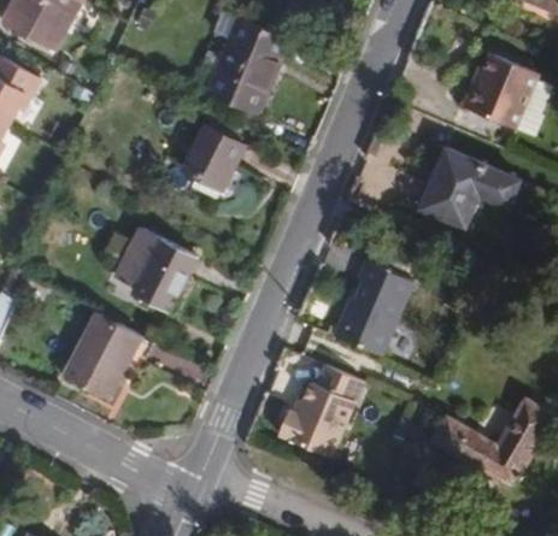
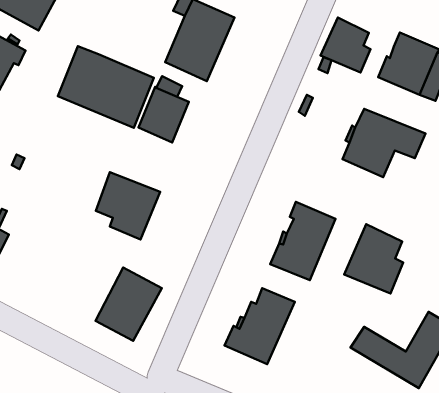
building: none -> [321,18,370,73]
building: none -> [58,46,154,128]
building: none -> [344,224,403,294]
building: [61,308,142,397] -> [96,267,162,341]

